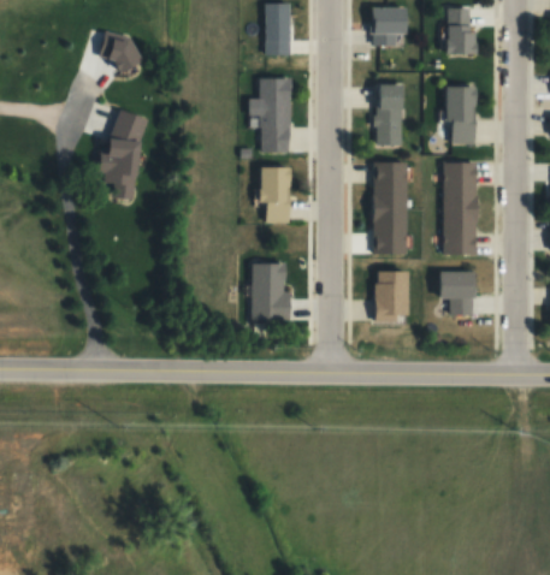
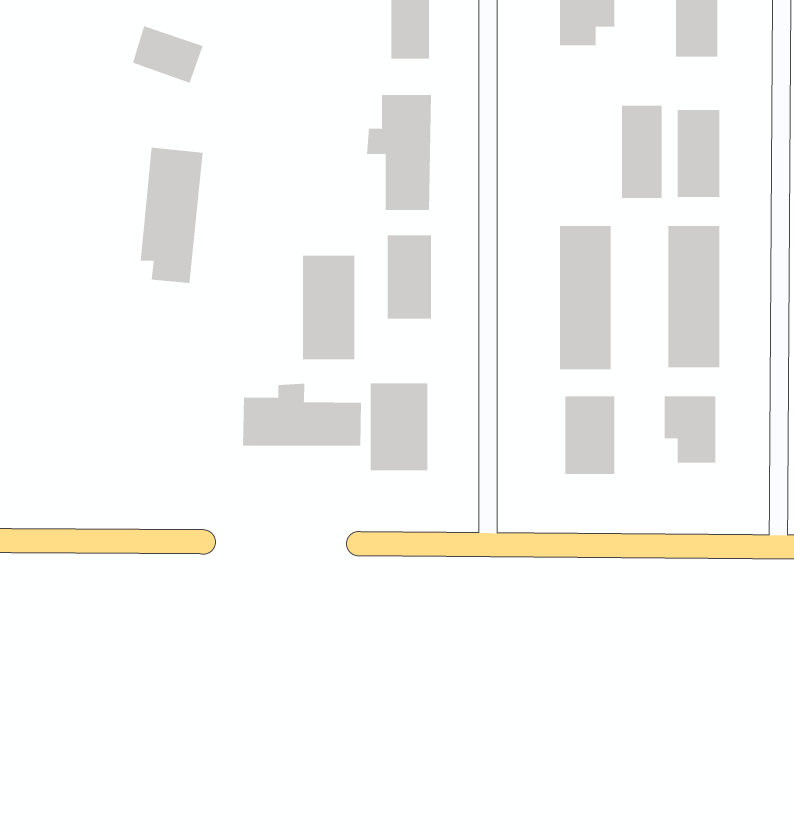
building: [375,85,402,146] -> [621,105,662,199]
building: none -> [302,255,355,360]
building: none -> [243,383,362,446]

